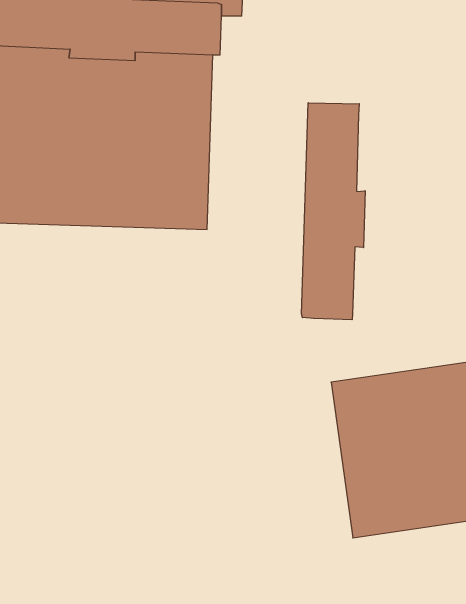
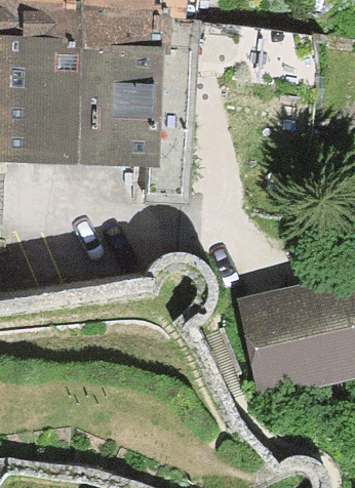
building: [301,103,365,320] -> none

